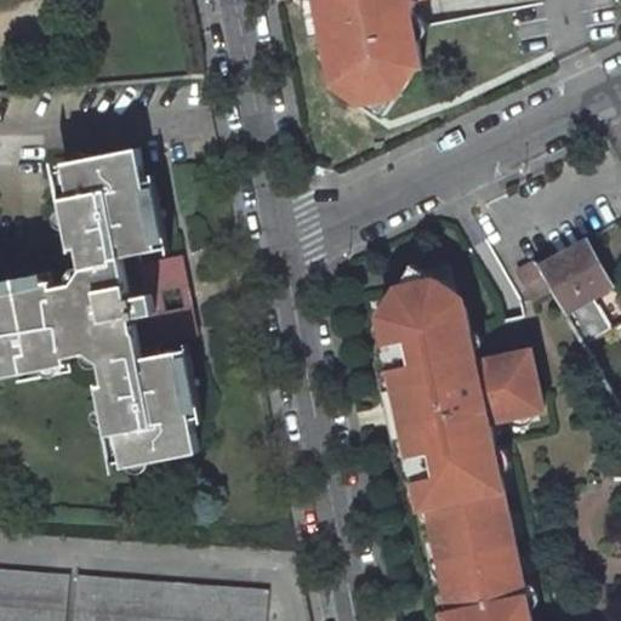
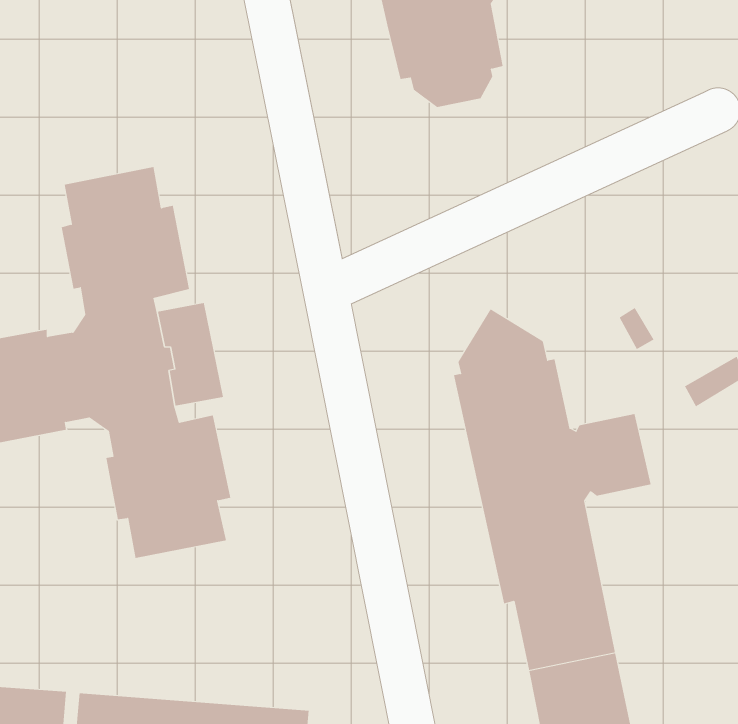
building: [532,241,603,312] -> none

